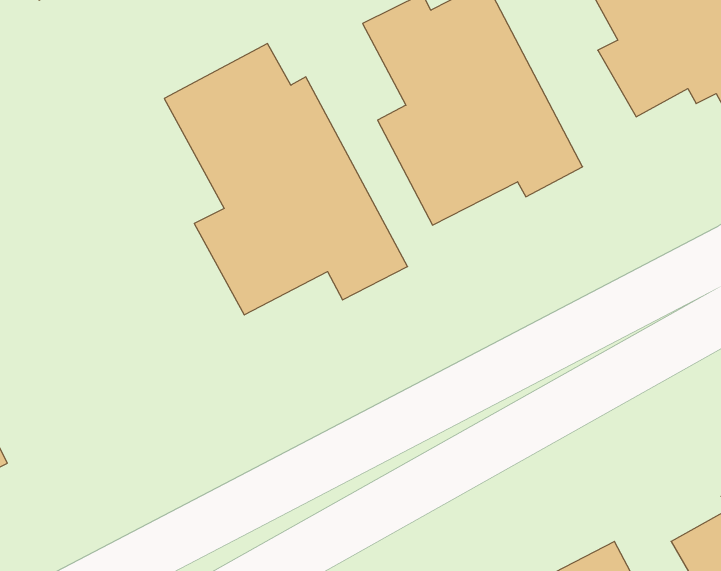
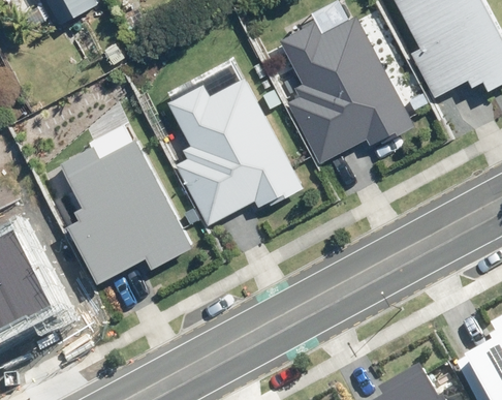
building: none -> [56,134,189,276]

